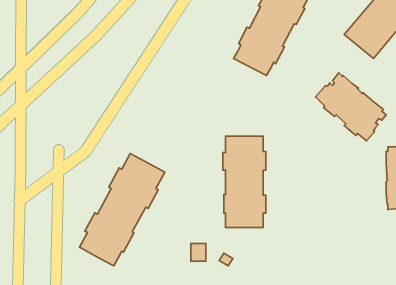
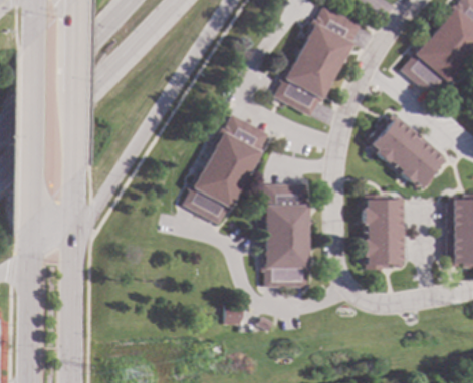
building: none -> [185,115,271,226]
building: none -> [364,196,406,271]
building: [79,153,165,266] -> none

